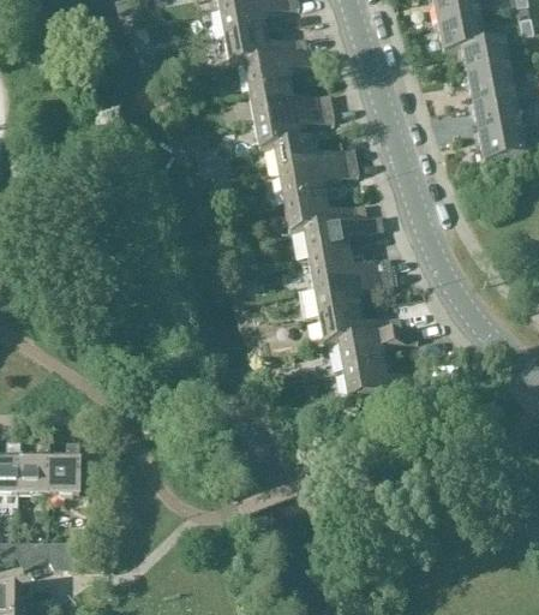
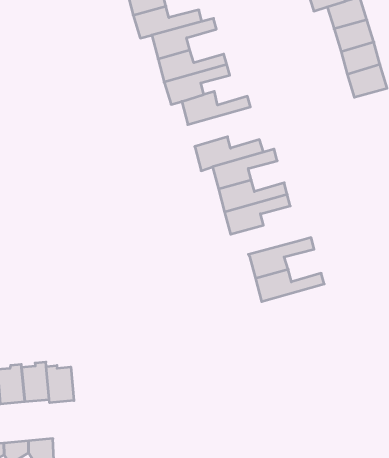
building: [279,161,359,203] -> none
building: [318,306,401,345] -> none
building: none -> [46,365,74,403]

